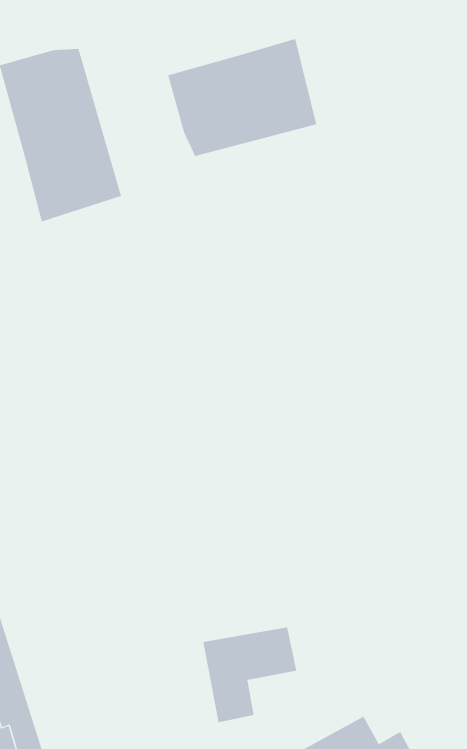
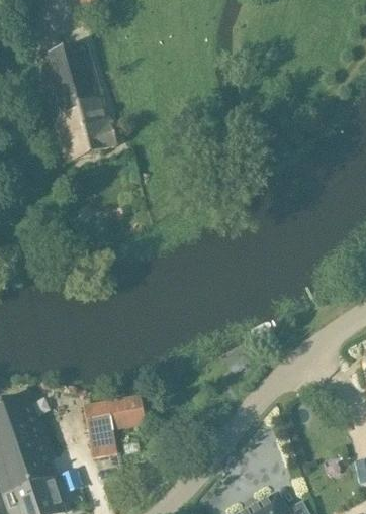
building: [167,38,317,157] -> none
building: [203,627,297,723] -> [83,395,146,458]

